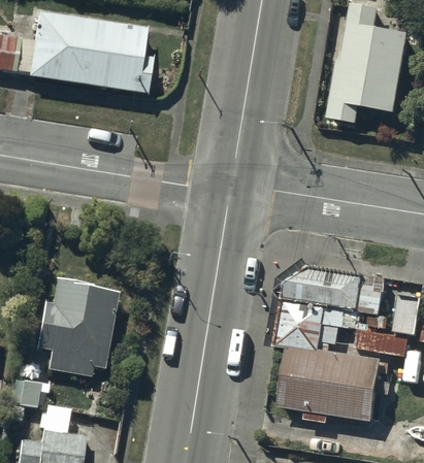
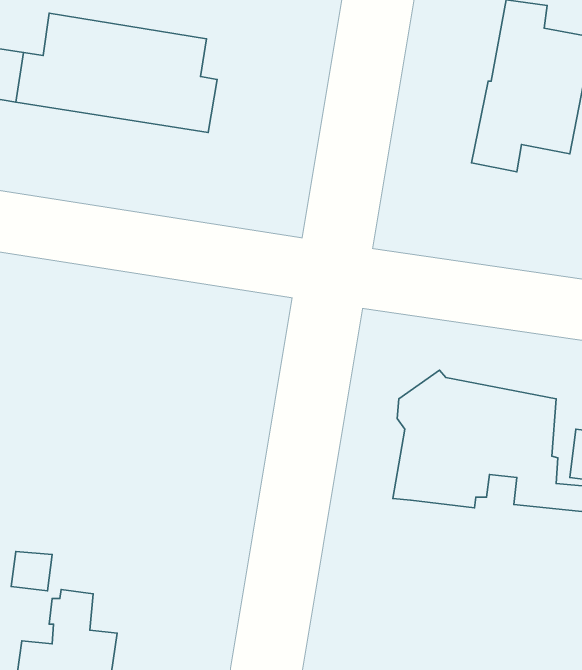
building: [38,277,119,375] -> none
building: [281,346,393,421] -> none

